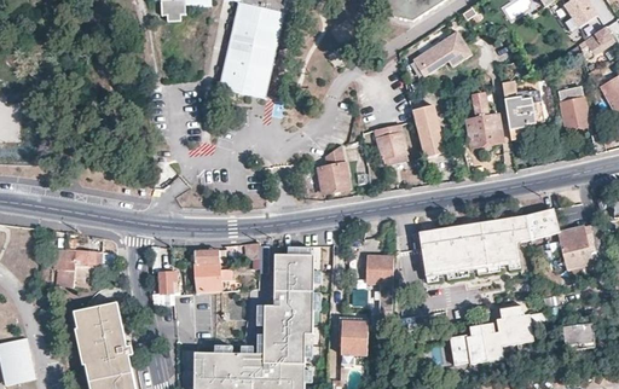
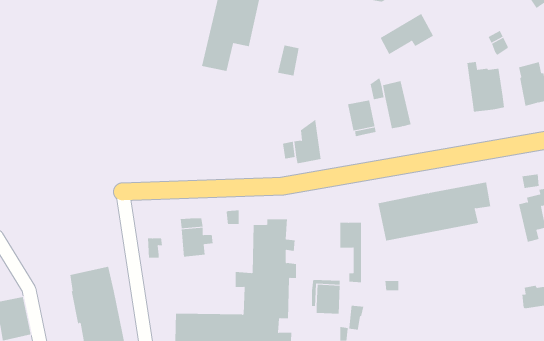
building: [244,64,268,98] -> [277,45,300,76]
building: [465,93,508,147] -> none
building: [523,205,559,239] -> none
building: [53,249,102,288] -> none
building: [447,306,546,365] -> none

